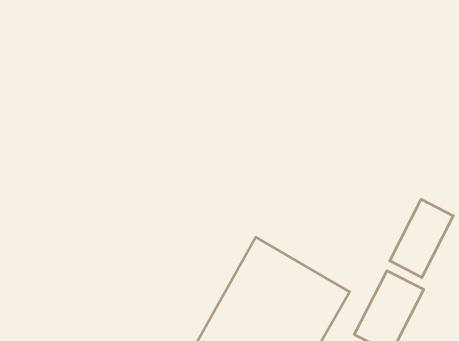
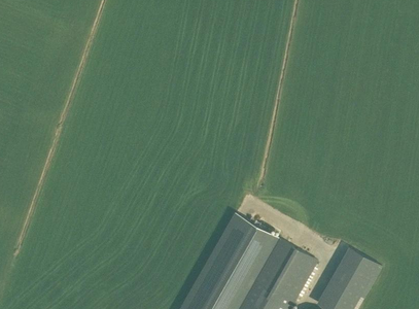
building: [390,199,453,278] -> none

